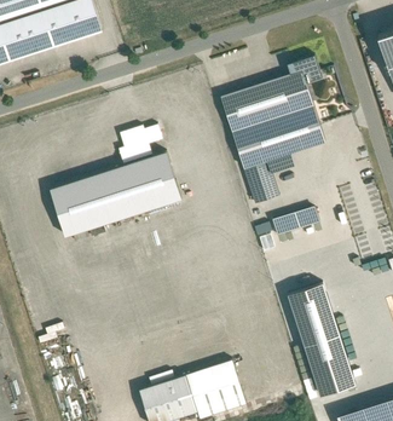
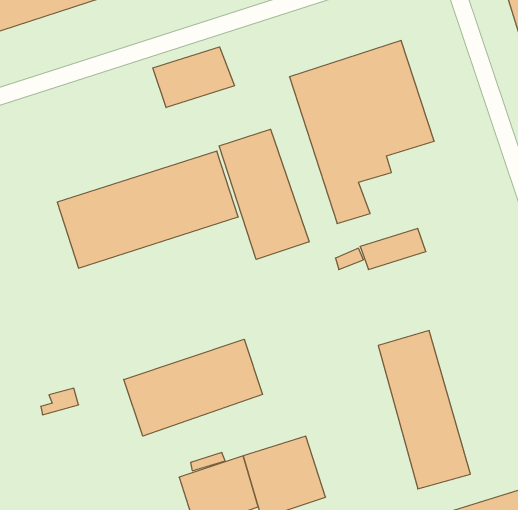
building: none -> [153,47,234,108]
building: none -> [219,129,309,259]
building: none -> [124,339,262,436]

